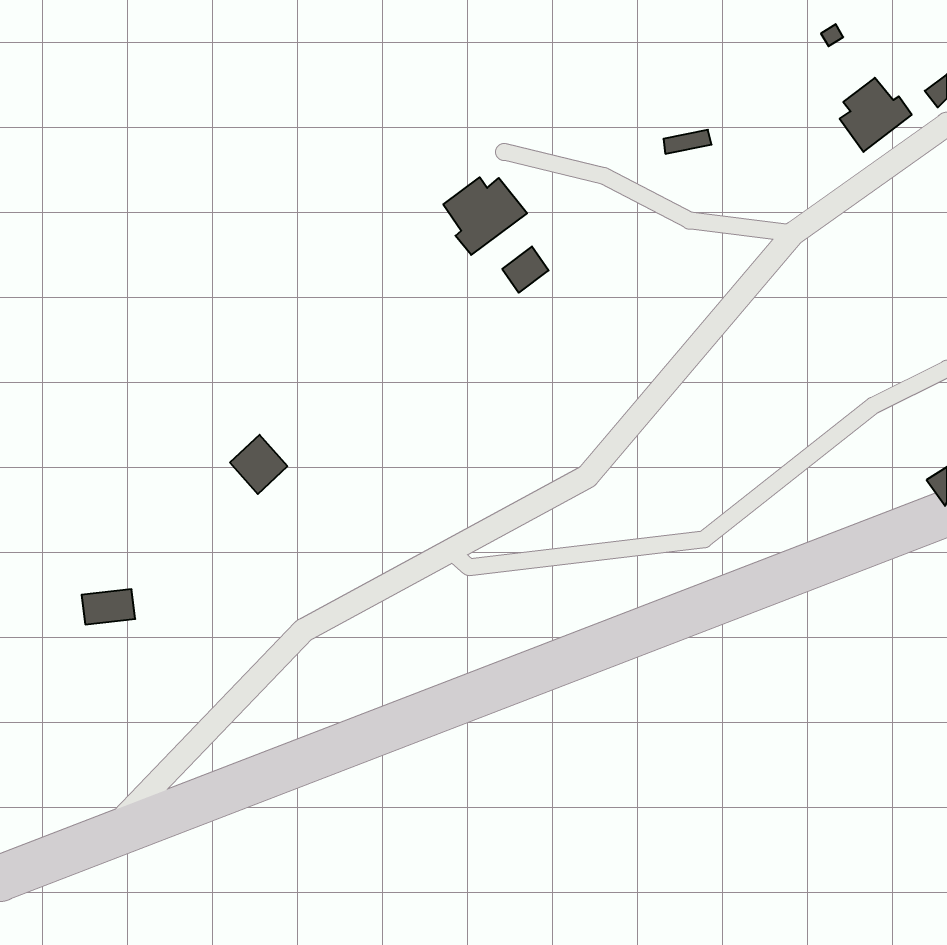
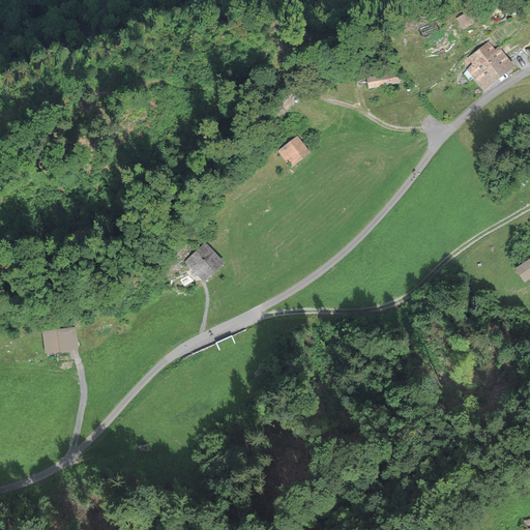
building: [443,177,527,255] -> none
building: [230,435,287,494] -> [187,244,219,277]

